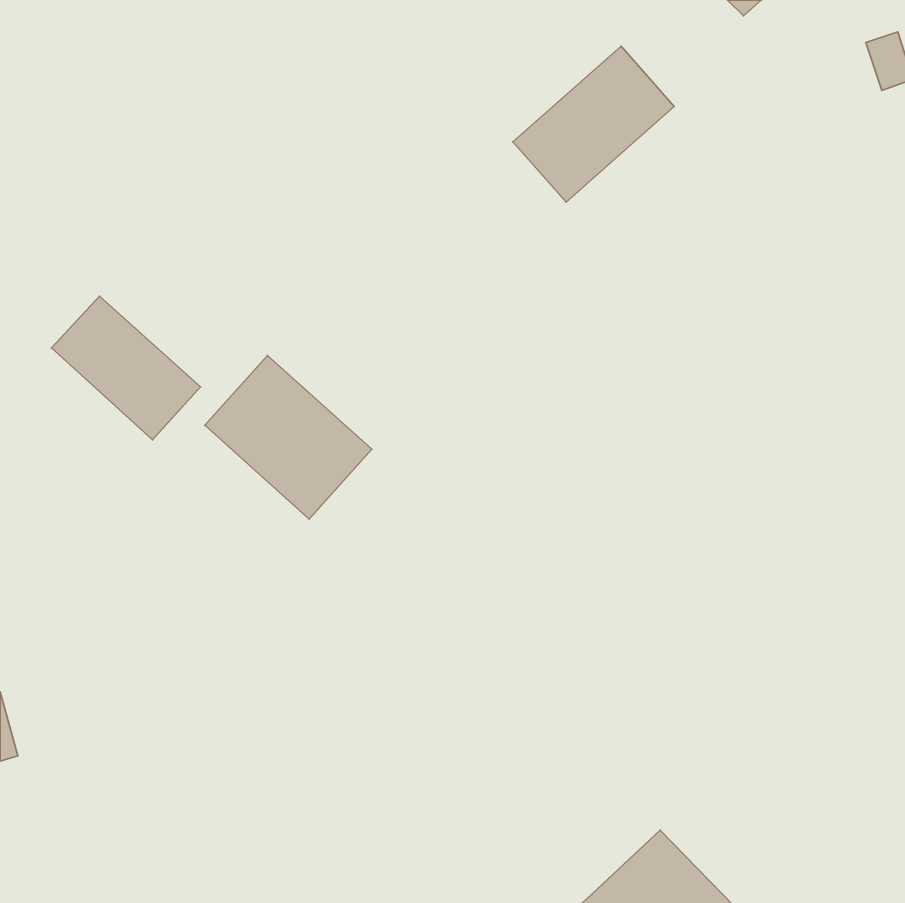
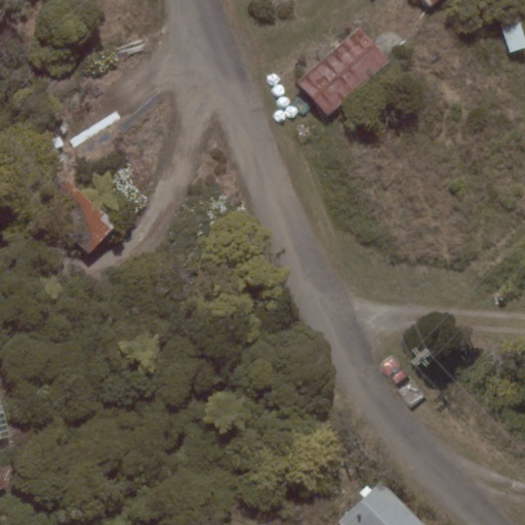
building: [205,355,372,519] -> none

